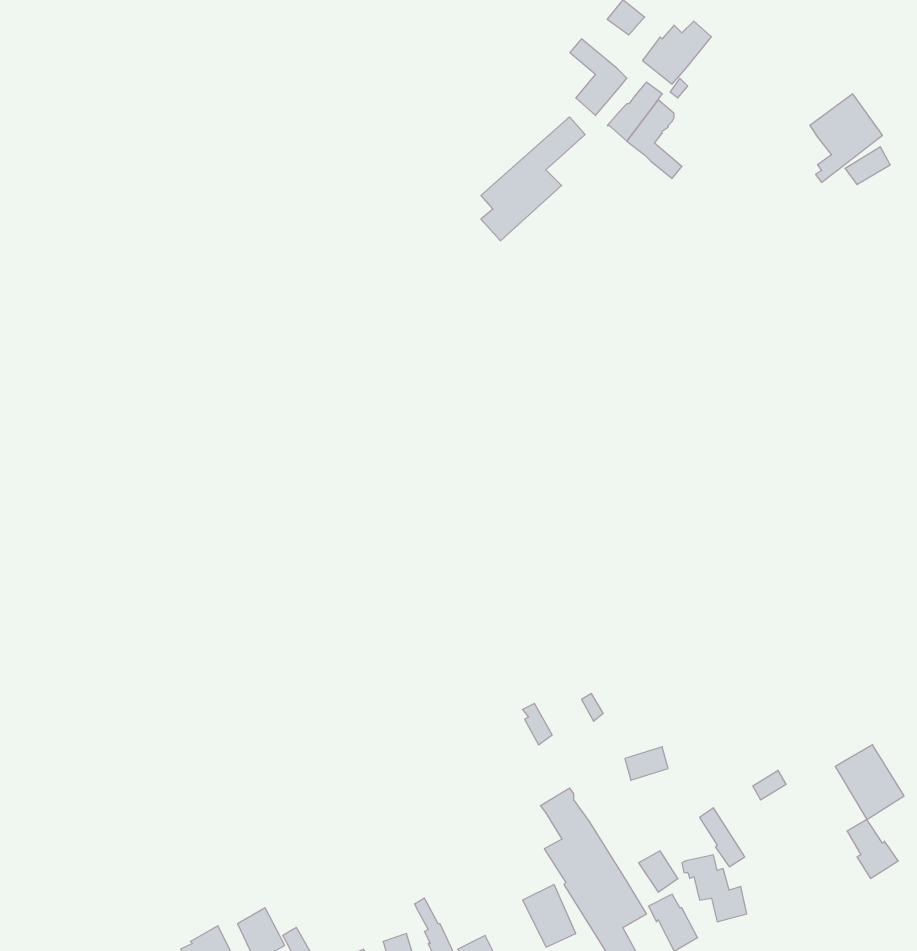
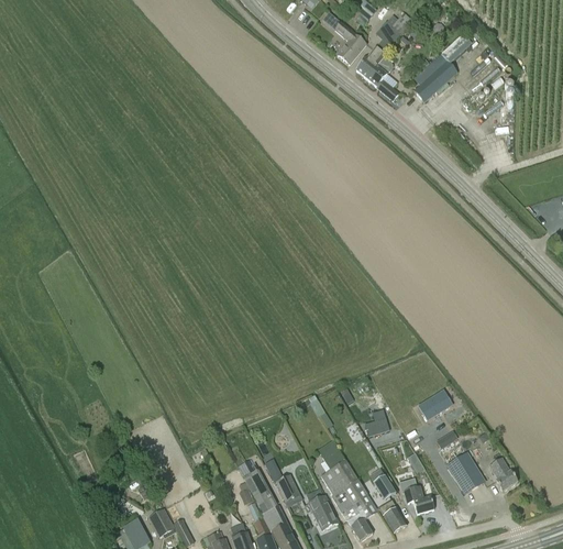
building: [481,117,585,241] -> [412,33,471,102]
building: none -> [418,388,451,419]
building: [835,745,904,820] -> [446,451,485,493]
building: none -> [264,459,300,503]
building: none -> [243,470,278,514]

